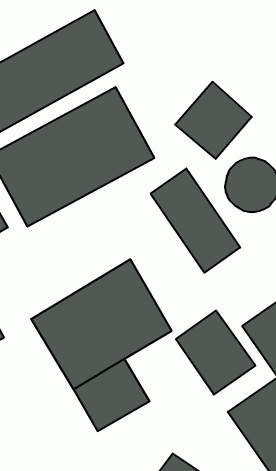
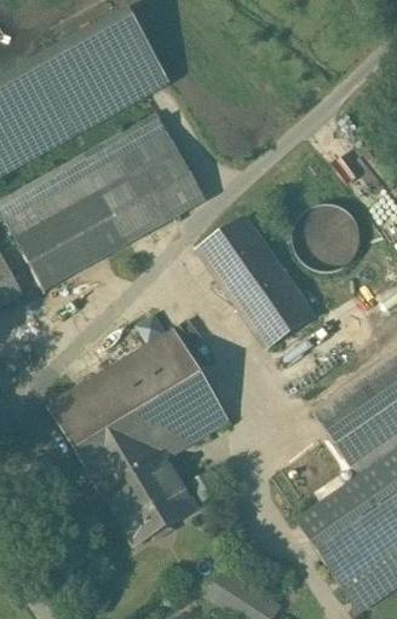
building: [175,82,252,159] -> none
building: [176,311,255,395] -> none

